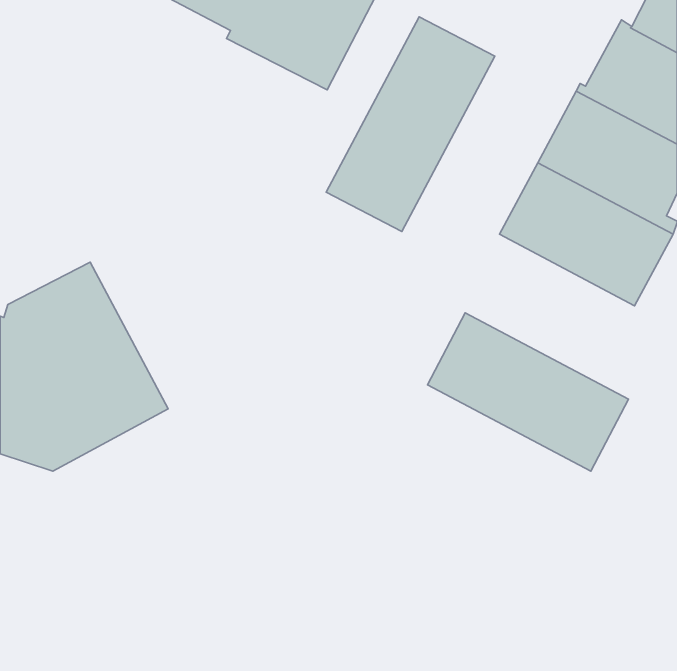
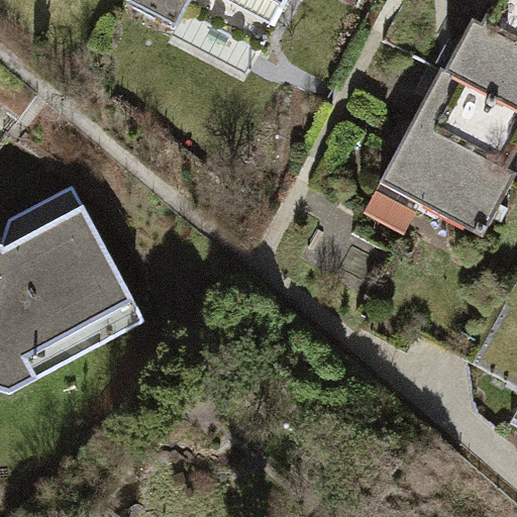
building: [326,17,495,232] -> none
building: [428,313,628,471] -> none

